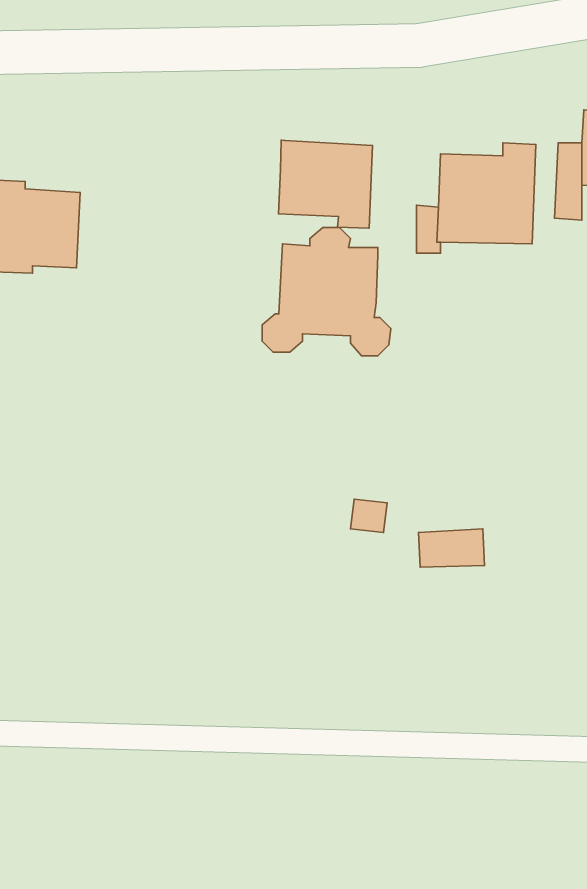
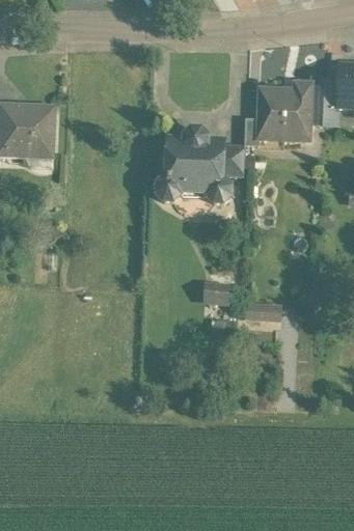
building: [279,140,373,228] -> none
building: none -> [222,144,244,172]

